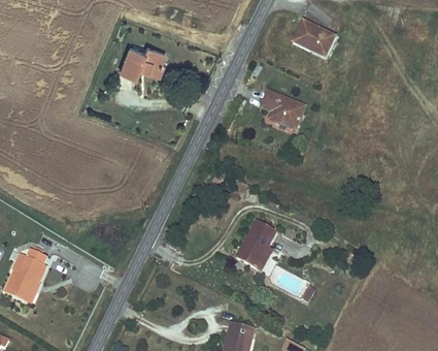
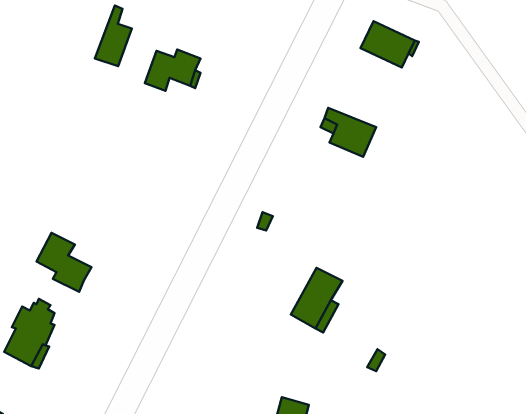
building: none -> [95,6,132,66]
building: none -> [36,233,91,292]

